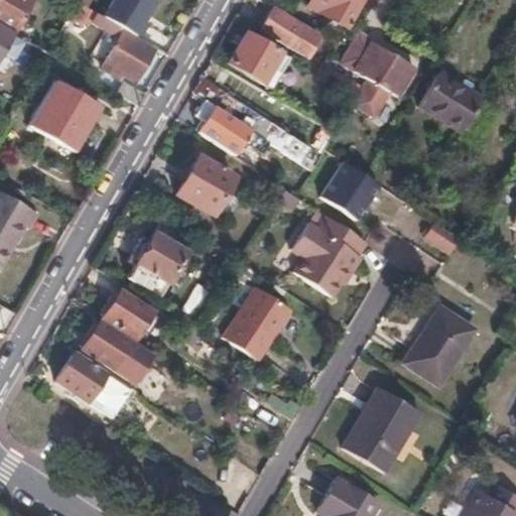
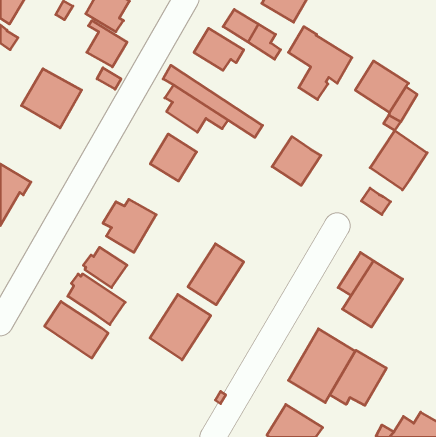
building: none -> [370,130,427,190]
building: [293,217,367,295] -> none
building: none -> [150,294,211,360]
building: none -> [330,350,386,405]

